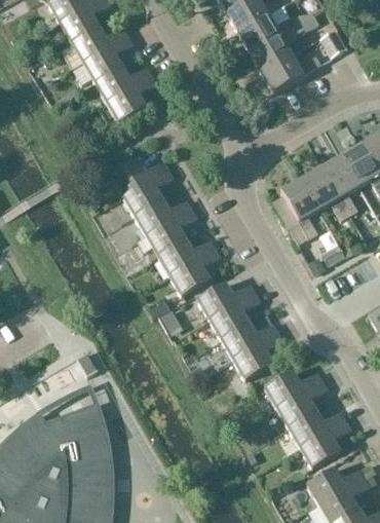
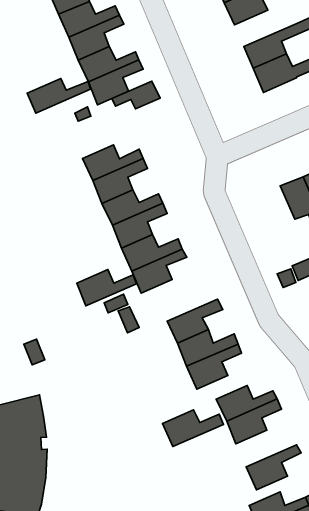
building: [239,14,298,51] -> none
building: none -> [112,81,160,109]
building: none -> [27,78,91,113]
building: [273,179,318,239] -> none
building: [198,283,255,320] -> [77,269,136,306]
building: [289,411,346,448] -> [163,410,223,447]

